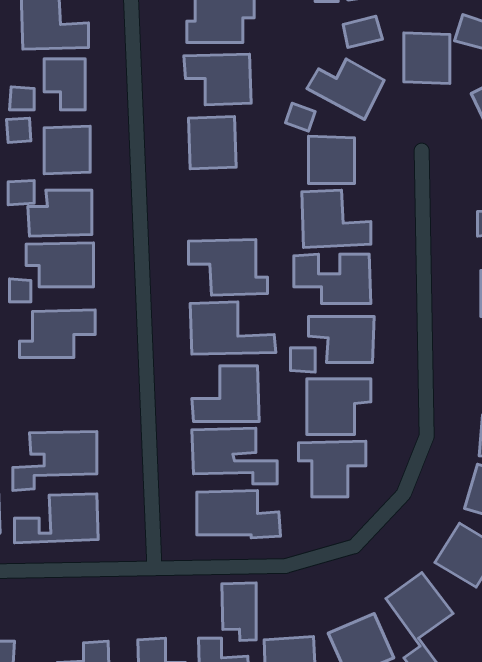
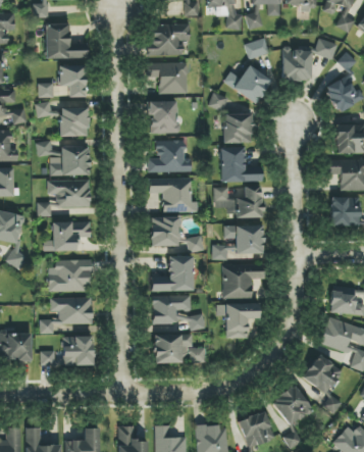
building: none -> [148,140,191,172]
building: none -> [49,259,90,292]
building: [222,583,256,640] -> none

